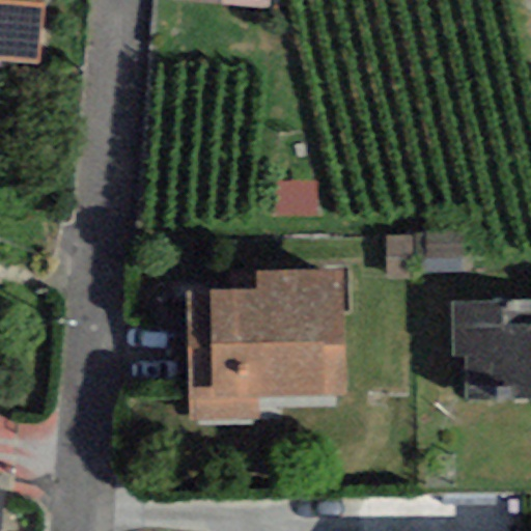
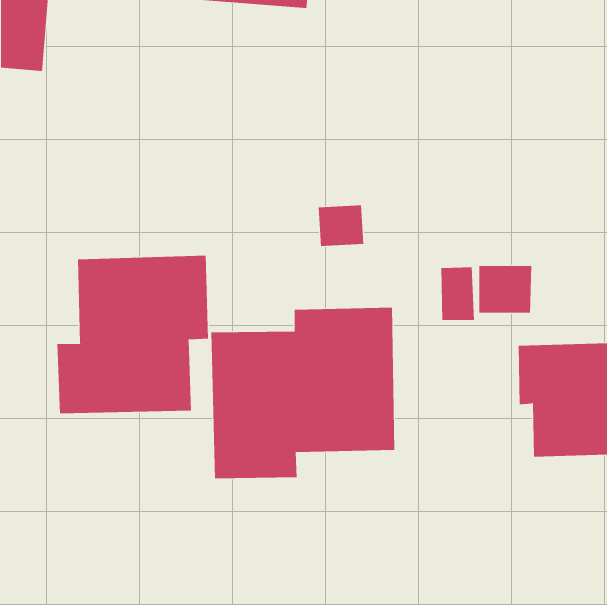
building: none -> [57,255,208,414]

